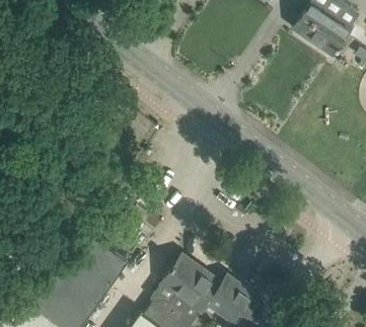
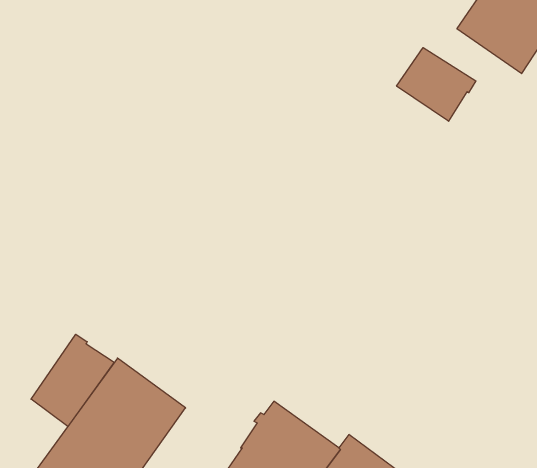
building: none -> [397,48,476,121]
building: none -> [31,334,114,426]

